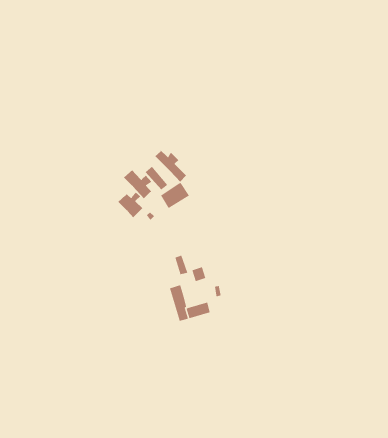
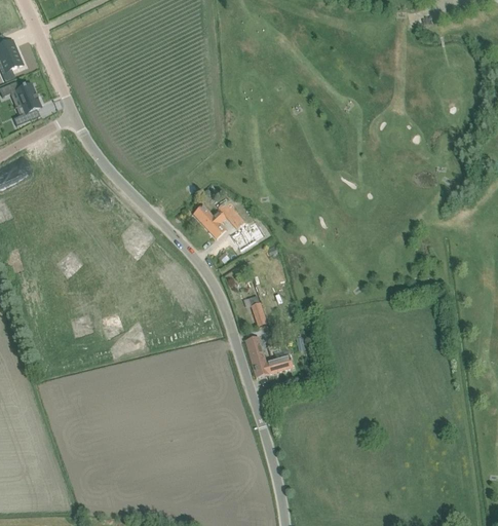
building: [155,150,187,183] -> none
building: [118,191,143,218] -> none

